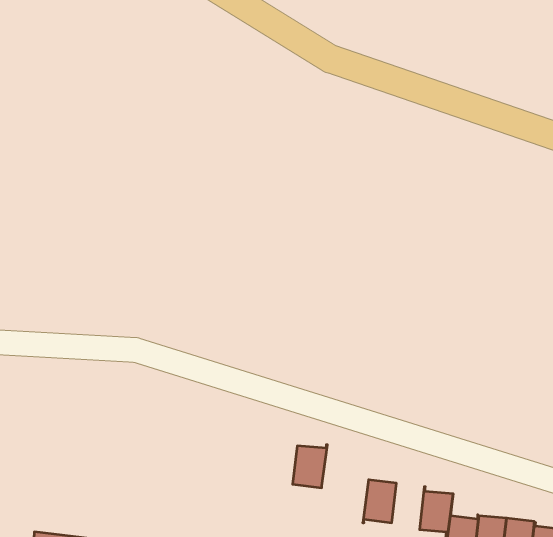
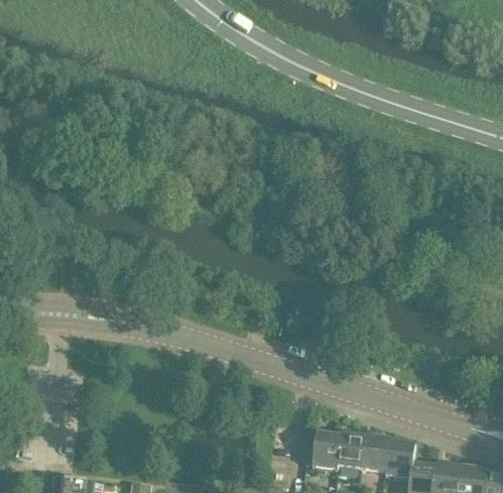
building: [293,445,327,488] -> [311,430,342,468]
building: none -> [362,434,390,474]

